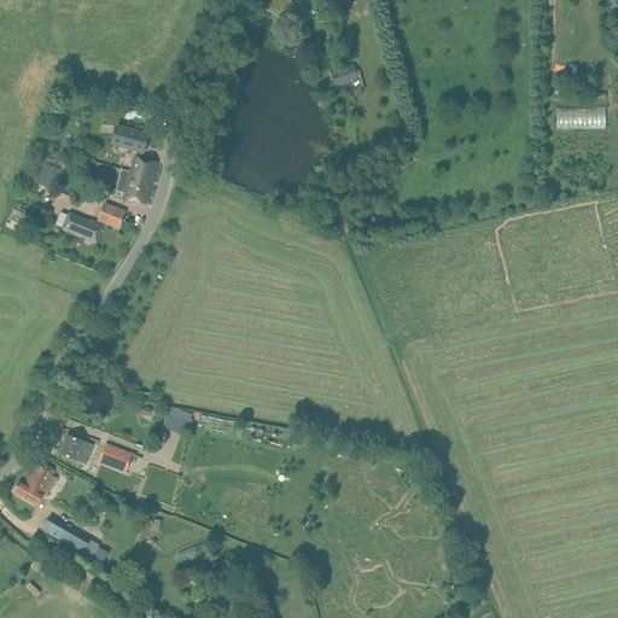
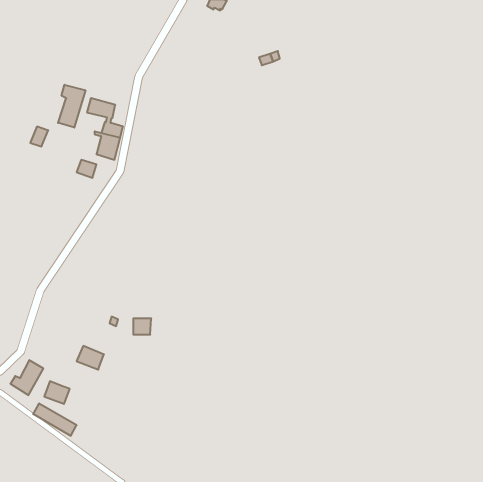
building: none -> [58,85,85,128]
building: [57,212,104,243] -> none
building: [59,435,92,464] -> [44,381,70,404]

